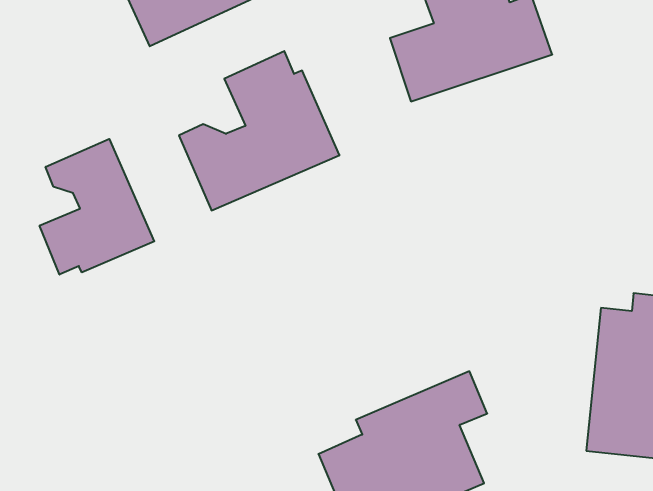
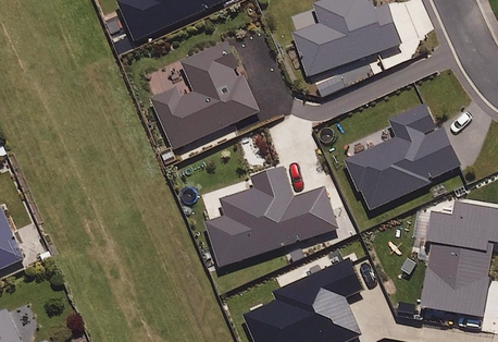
building: [40,139,154,275] -> none
building: none -> [346,103,461,211]
building: none -> [206,168,337,267]

